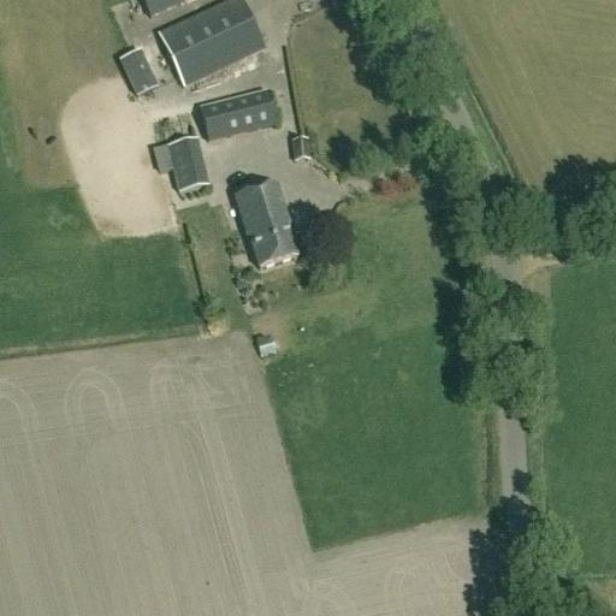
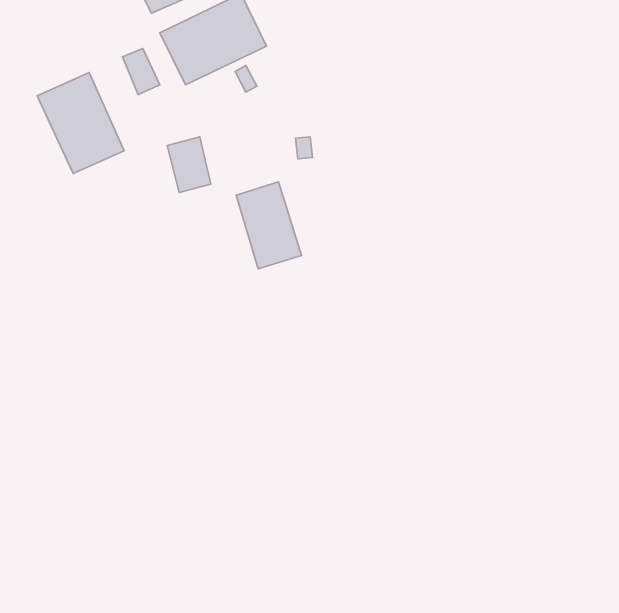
building: none -> [37,73,124,173]
building: [201,89,277,138] -> none

